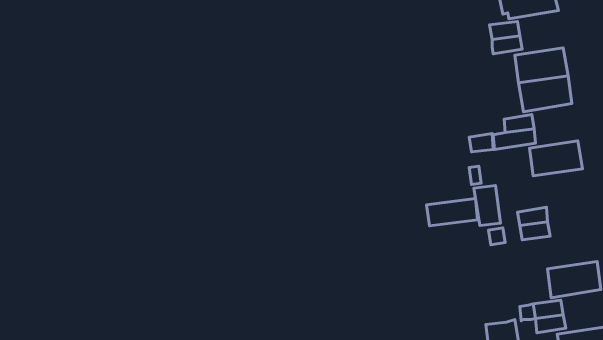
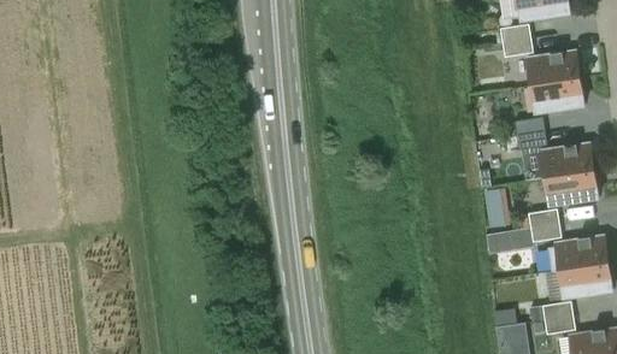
building: none -> [543,170,597,206]
building: [426,198,478,226] -> none
building: none -> [546,235,607,271]

